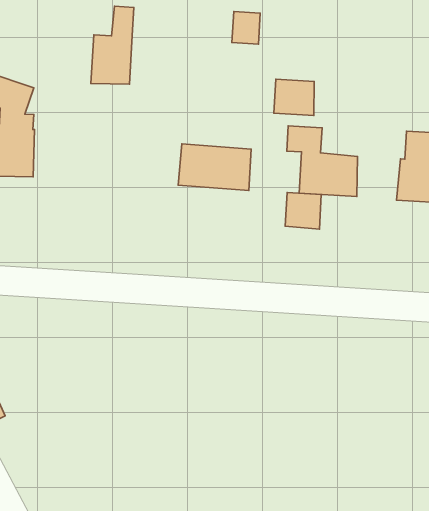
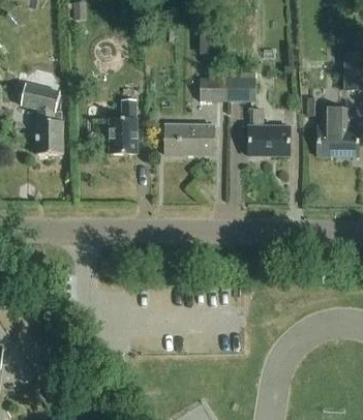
building: [91,6,134,84] -> [109,98,135,153]
building: none -> [199,74,228,99]
building: [285,193,321,229] -> none

